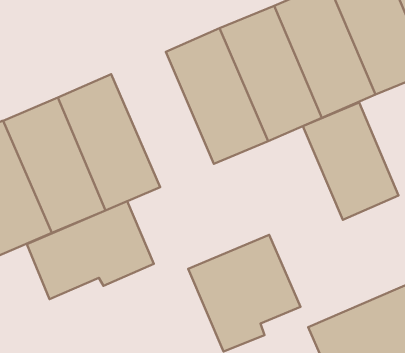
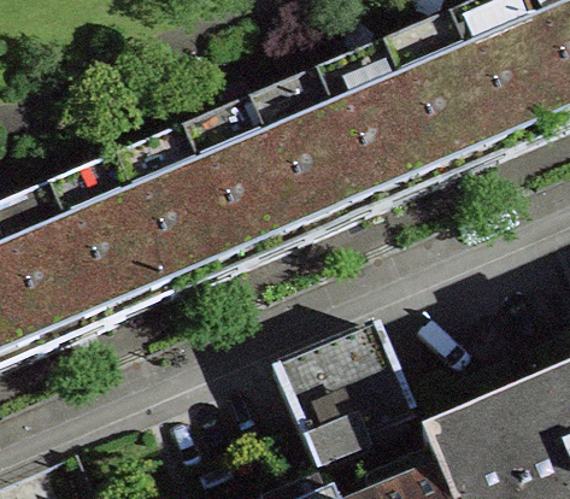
building: none -> [181,98,307,265]
building: [303,103,398,220] -> none
building: [27,201,154,299] -> none

